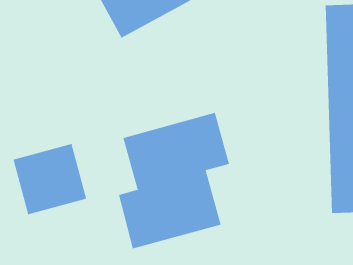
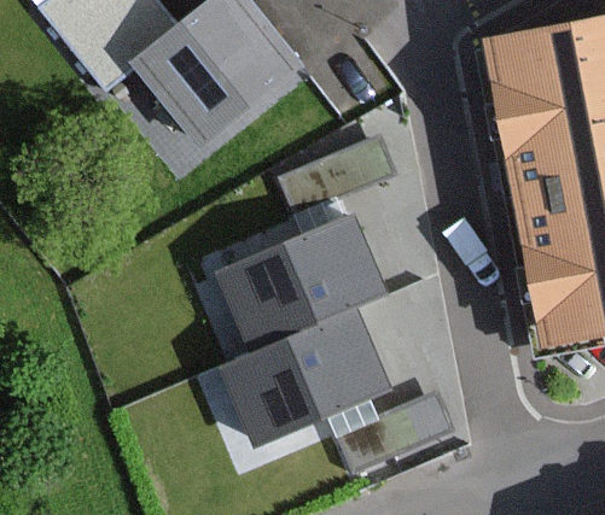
building: [13,143,87,215] -> none

